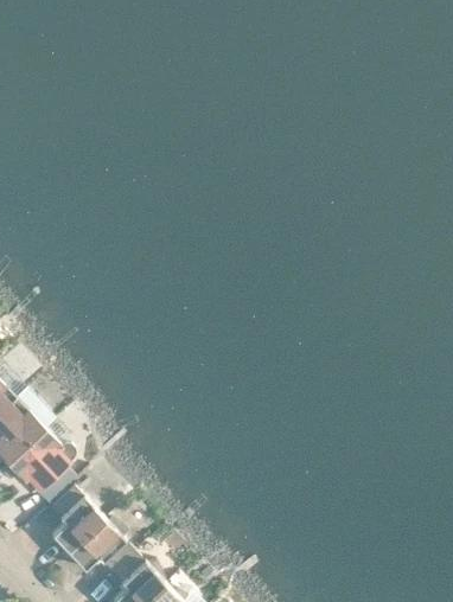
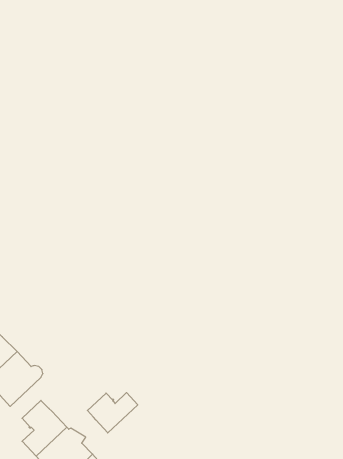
building: none -> [87,393,138,433]

